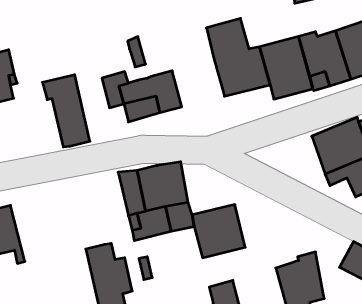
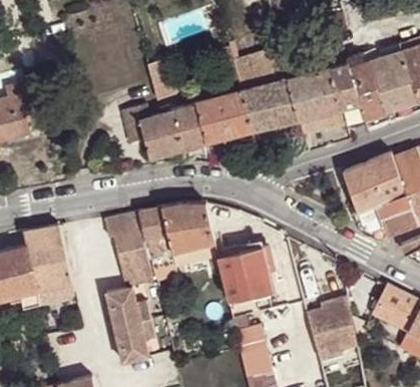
building: none -> [196,91,252,142]
building: [42,75,90,147] -> [103,212,153,288]
building: none -> [23,226,74,306]

